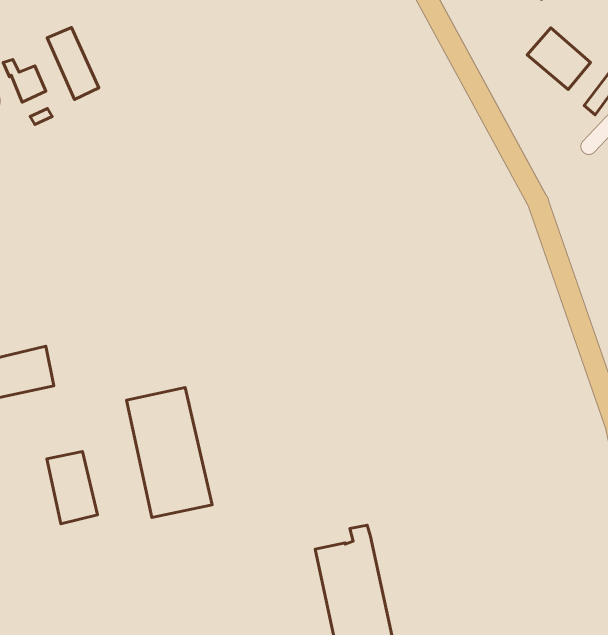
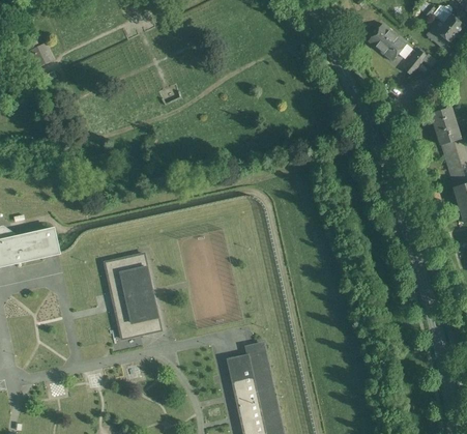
building: [47,28,99,100] -> none
building: [47,452,97,524] -> none

